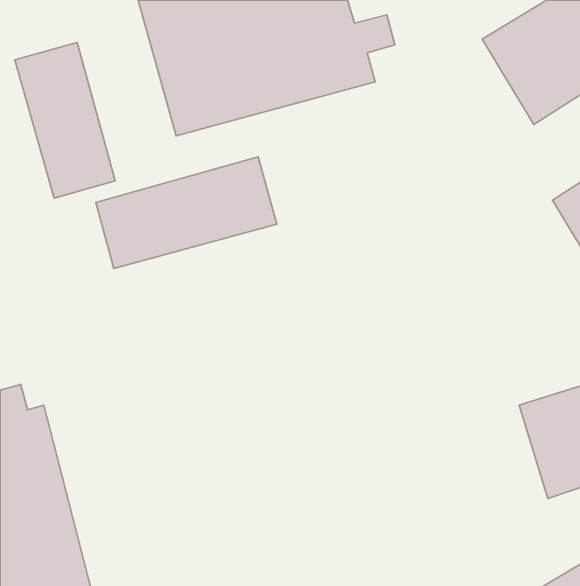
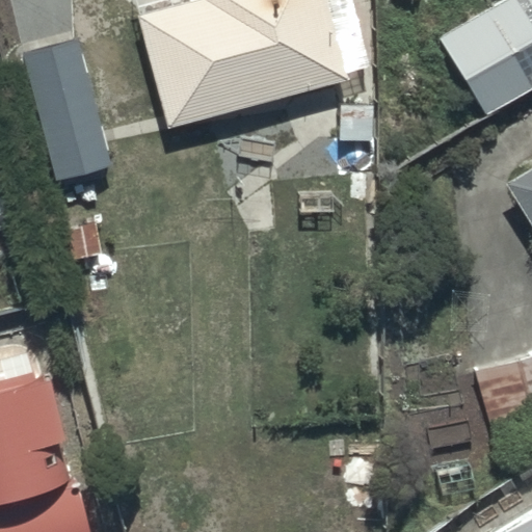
building: [96,157,277,269] -> none

